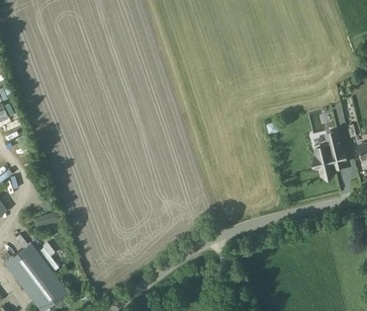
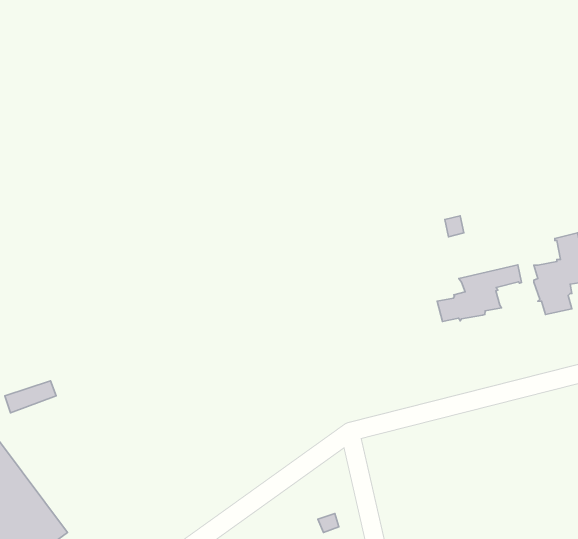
building: none -> [437,265,522,321]

